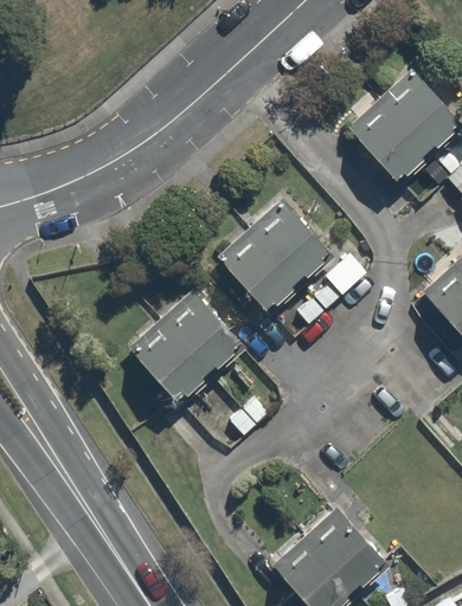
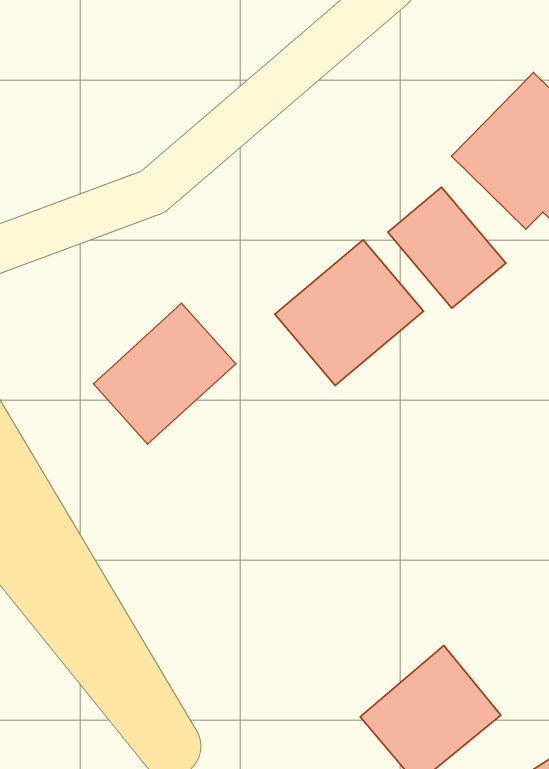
building: none -> [388,187,506,308]
building: [134,288,243,395] -> [93,303,236,444]

